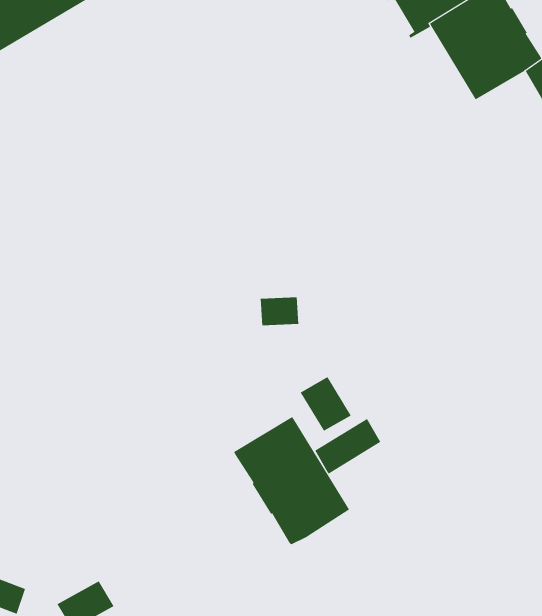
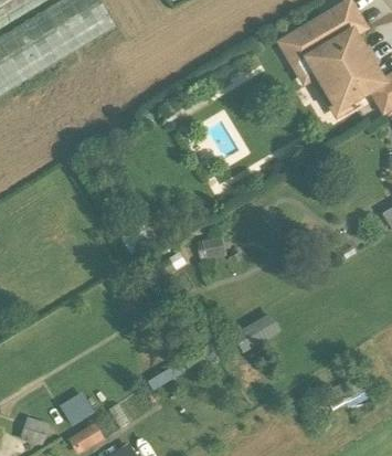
building: [300,376,352,432] -> none
building: [233,416,350,545] -> none
building: none -> [59,390,93,423]

